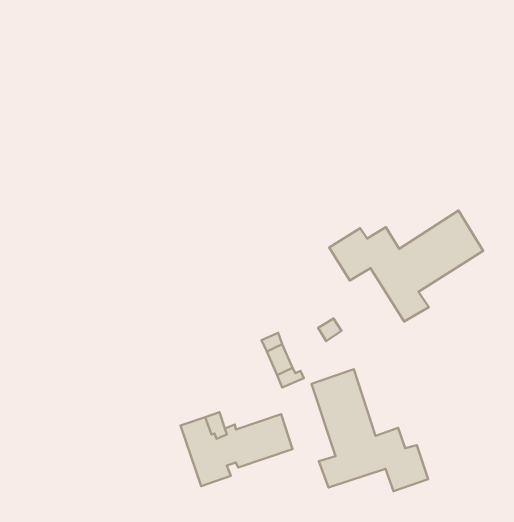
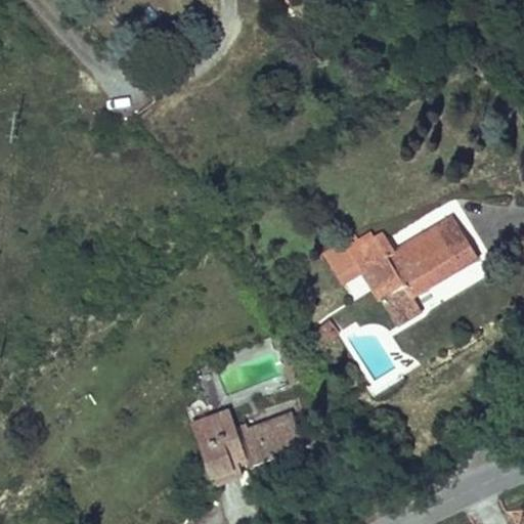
building: [312,369,428,491] -> none

